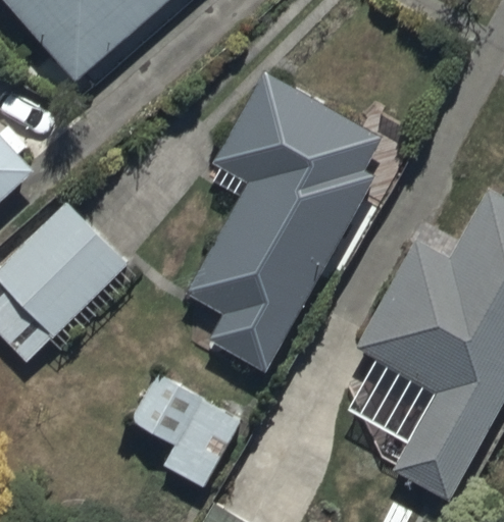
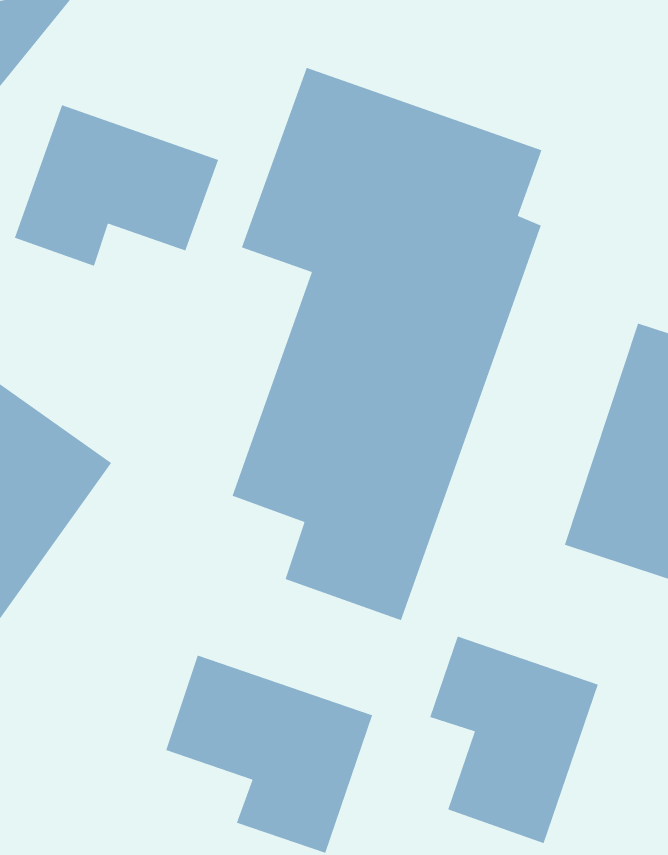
building: none -> [14,104,219,267]
building: none -> [429,636,599,844]

